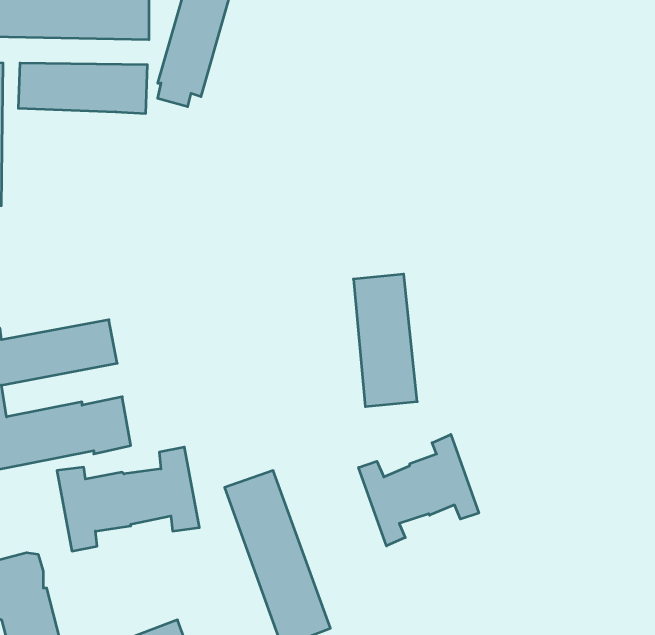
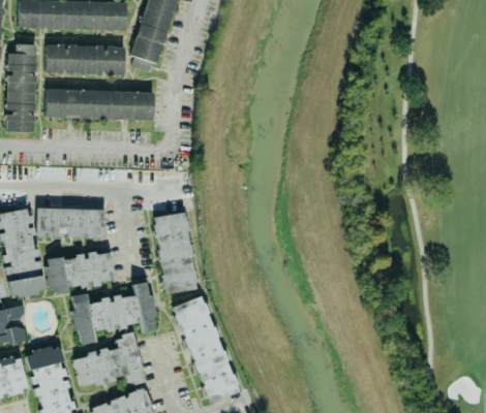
building: none -> [45,89,154,120]
building: [353,274,417,407] -> [155,212,194,293]
building: [359,434,479,546] -> none
building: none -> [73,332,144,386]

